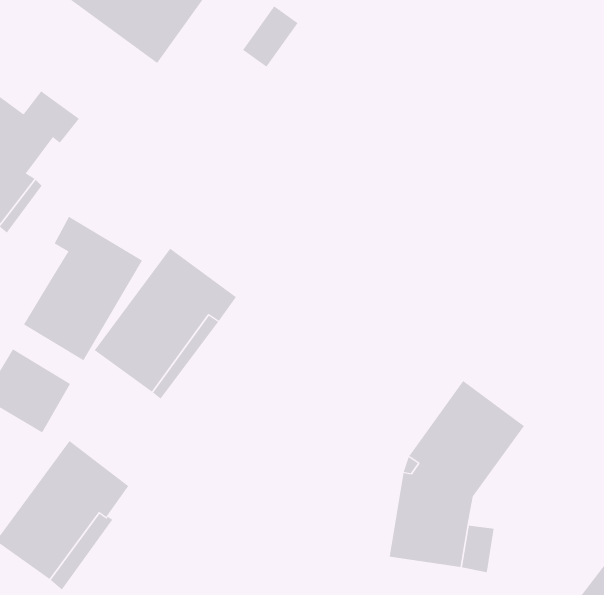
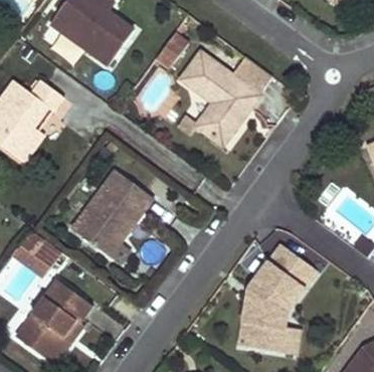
building: none -> [180,51,271,146]
building: [23,216,143,361] -> none

